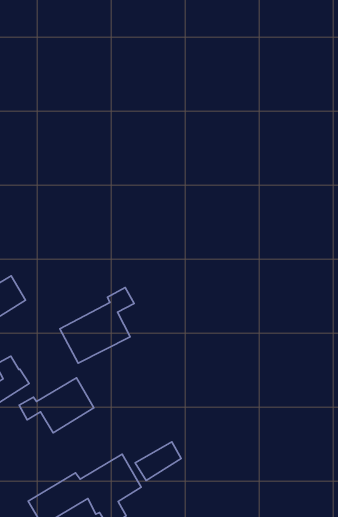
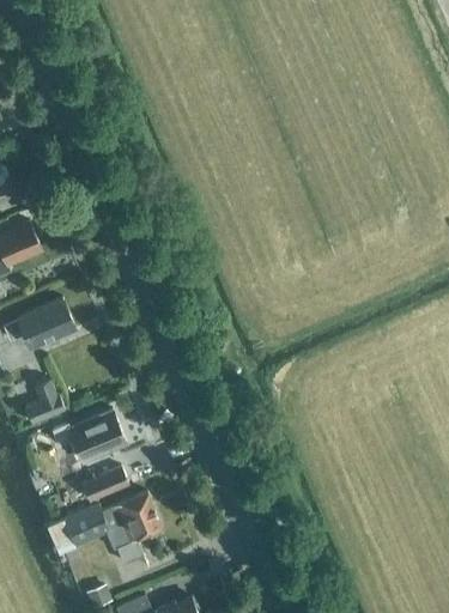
building: [60,287,134,363] -> none
building: [135,442,181,480] -> [81,467,128,502]

